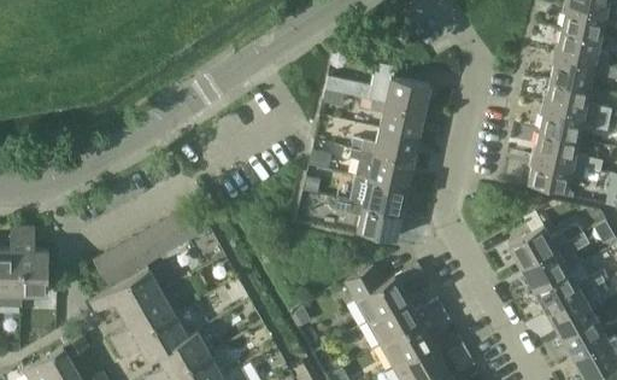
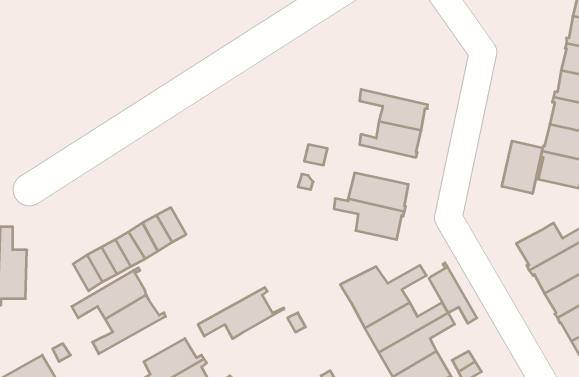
building: [325,64,430,113] -> none
building: none -> [502,141,543,194]
building: [349,150,415,188] -> none
building: none -> [429,263,477,323]
building: [117,312,198,361] -> [198,287,284,339]

